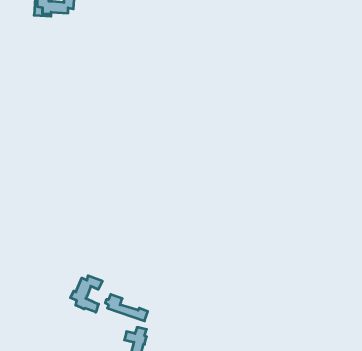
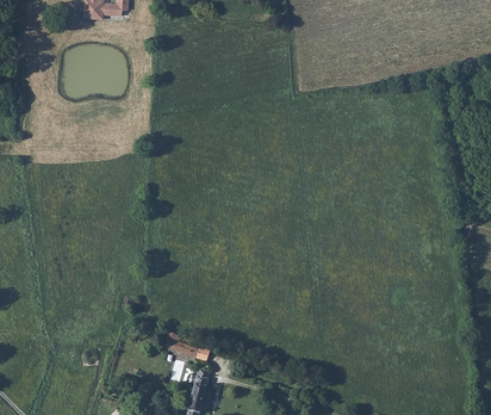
building: [70,276,102,312] -> none

